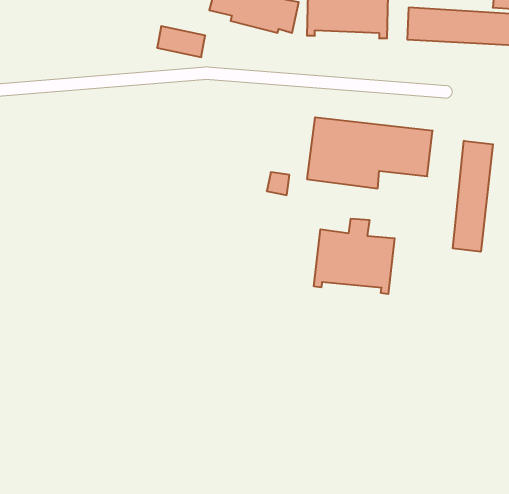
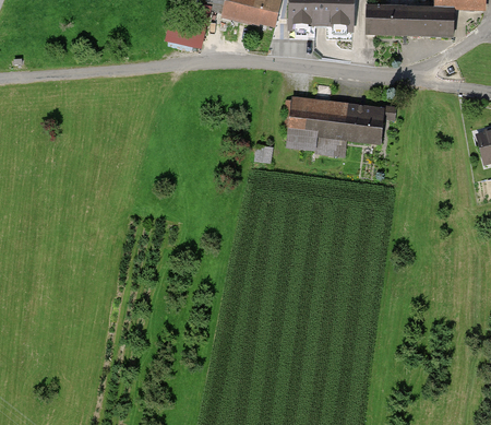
building: [453,141,493,252] -> none
building: [314,219,395,294] -> none

